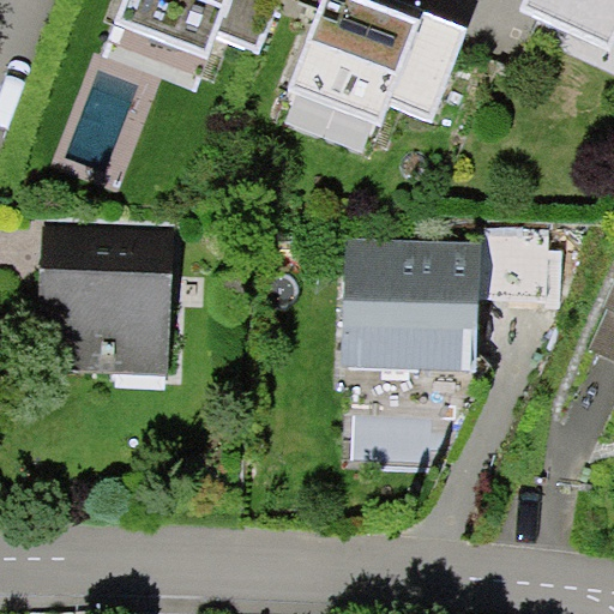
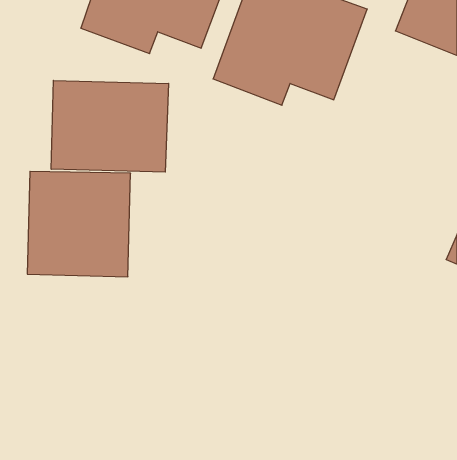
building: none -> [51,80,169,172]
building: [336,240,487,366] -> none

